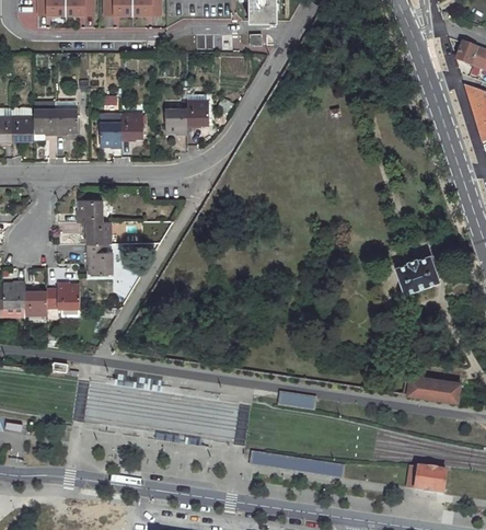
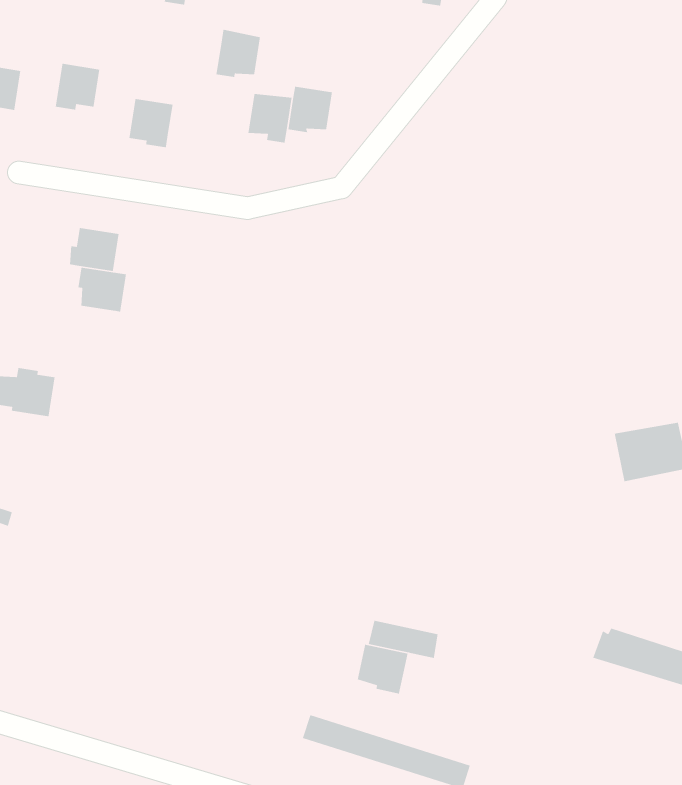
building: [33,110,55,138] -> none
building: [120,114,142,140] -> [216,29,261,78]
building: [86,243,112,274] -> none
building: none -> [357,644,409,695]

